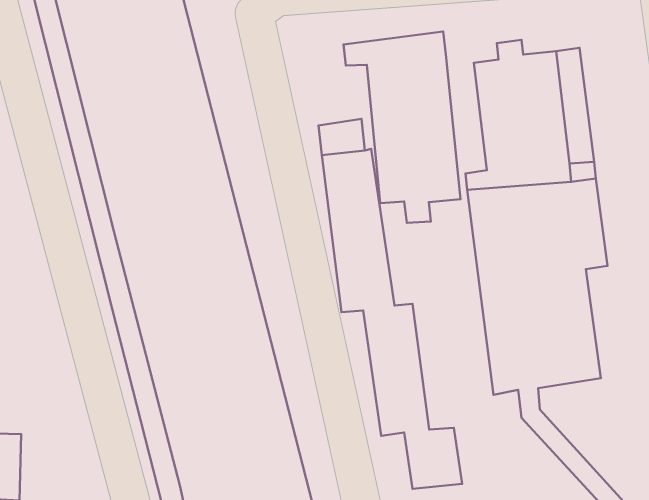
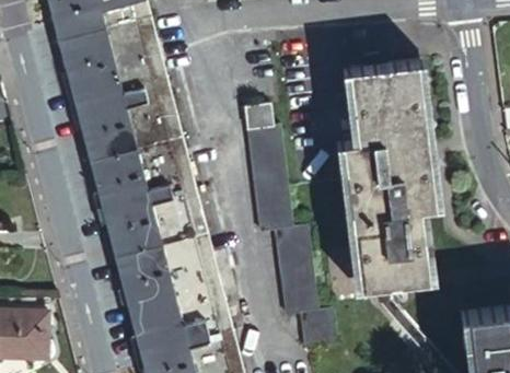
building: [343,31,461,223] -> none

